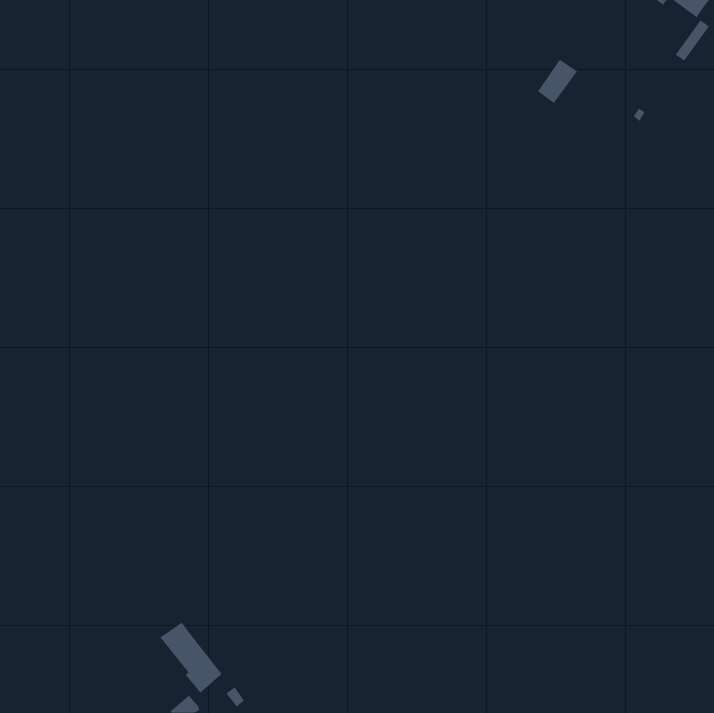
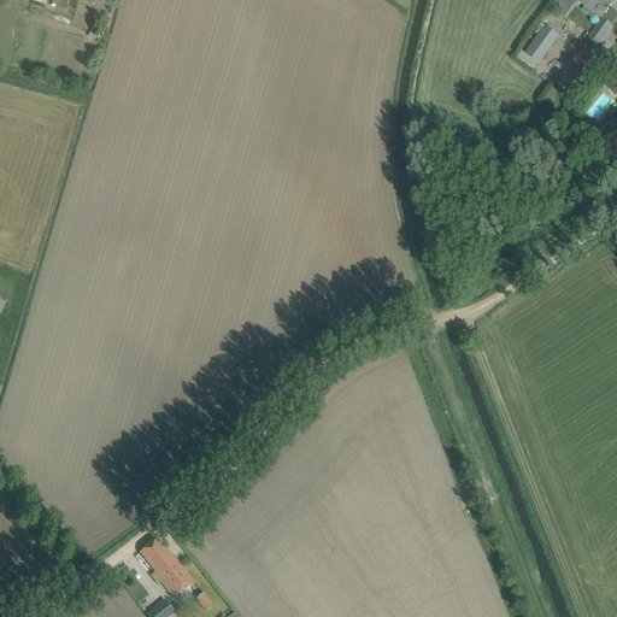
building: [537,59,578,104] -> [524,23,559,61]

